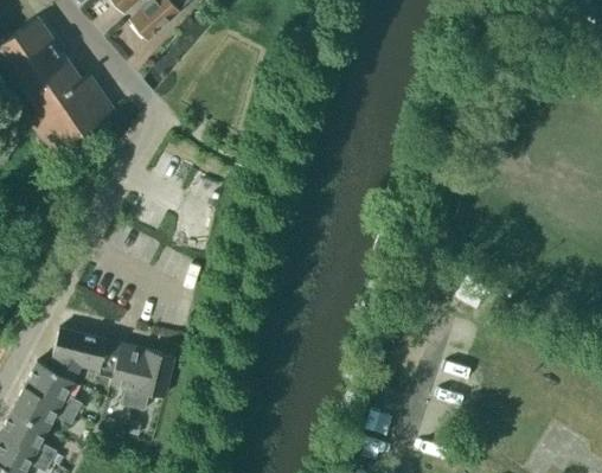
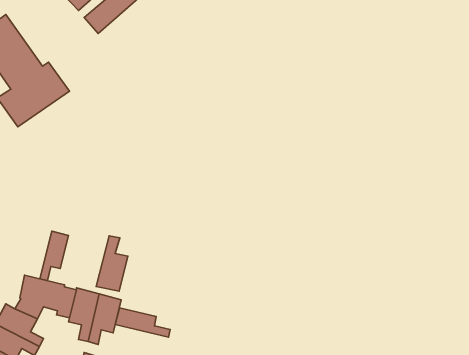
building: none -> [40,231,68,280]
building: none -> [96,236,128,291]
building: none -> [115,308,170,337]

